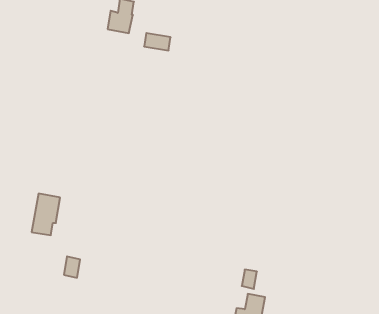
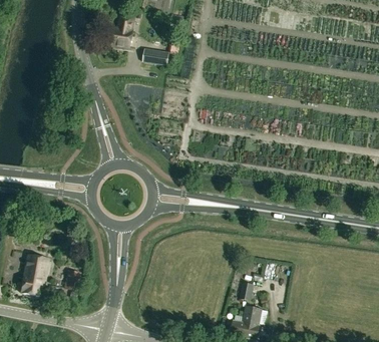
building: [32,194,60,235] -> [20,253,48,294]

